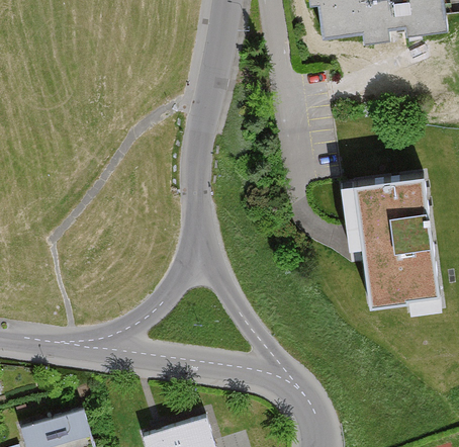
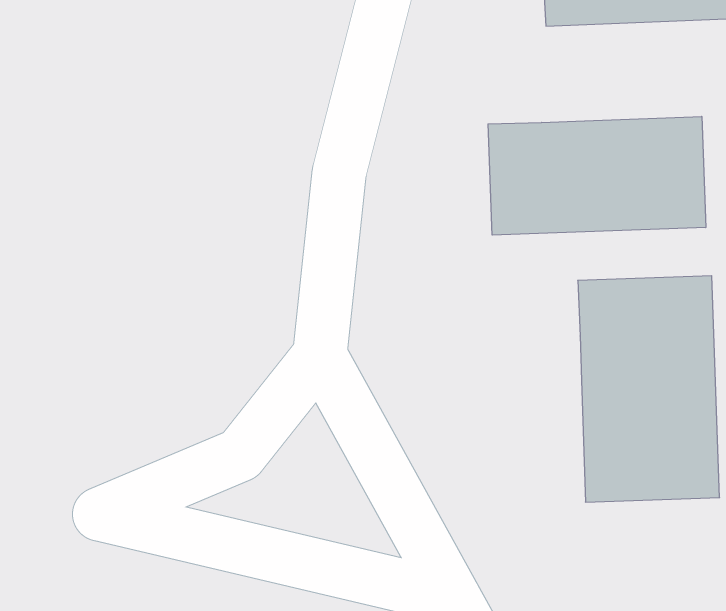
building: none -> [488,116,706,235]

